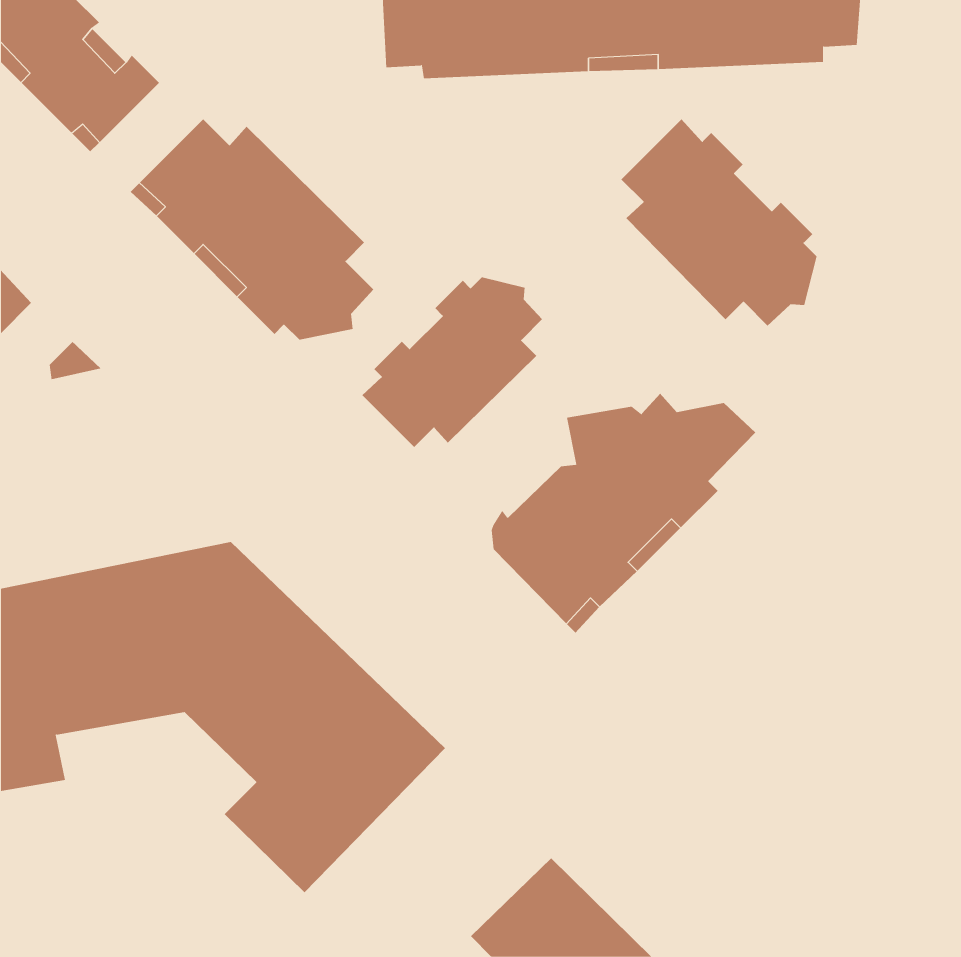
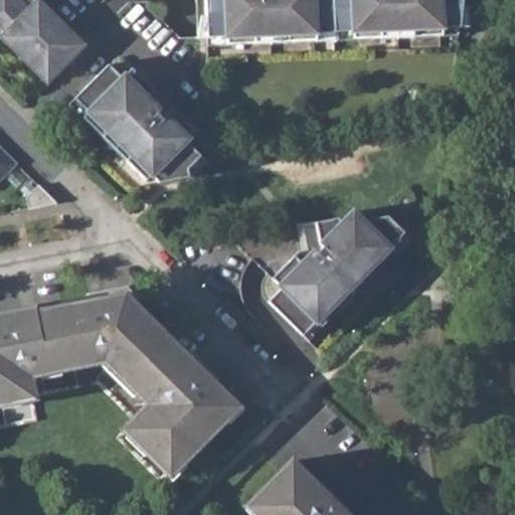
building: [621,119,817,326] -> none
building: [361,276,543,448] -> none

